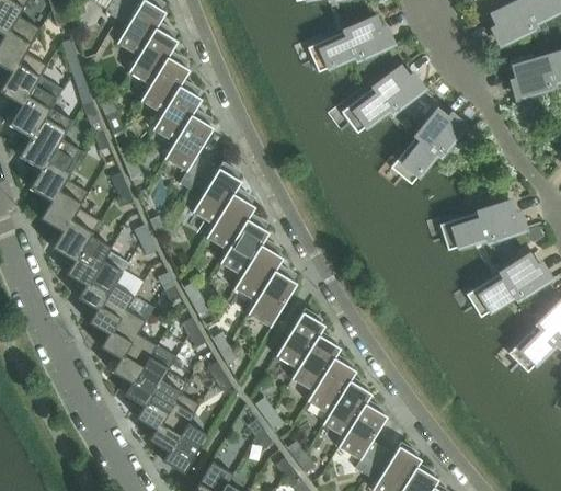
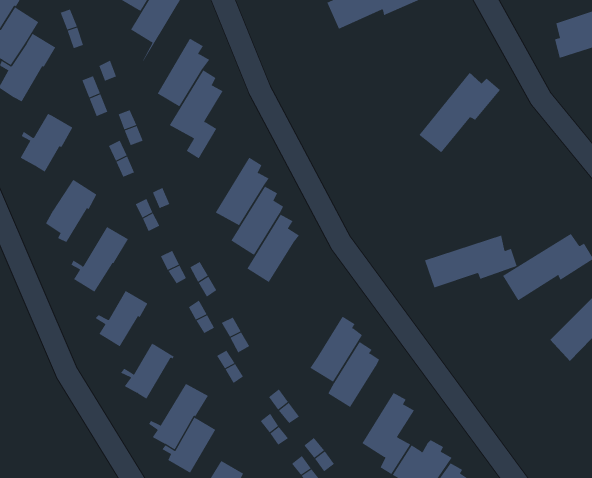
building: [141,52,190,130] -> none
building: [341,68,423,133] -> none
building: [20,106,73,170] -> none
building: [192,162,241,238] -> none
building: [41,179,89,236] -> none
building: [439,202,524,250] -> [424,235,517,288]
building: [67,235,112,286] -> none
building: [248,264,297,328] -> none
building: [87,284,135,334] -> none
building: [276,308,324,368] -> none
building: [110,332,158,384] -> none
building: [133,369,187,430] -> none
building: [323,377,370,437] -> none

